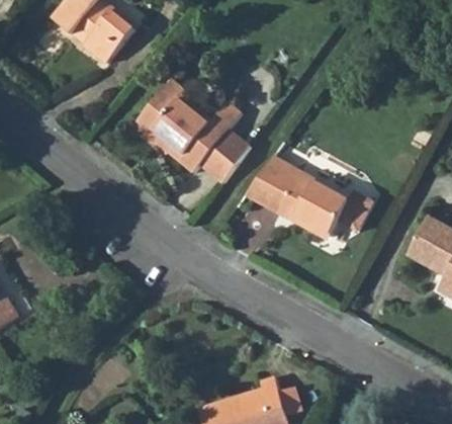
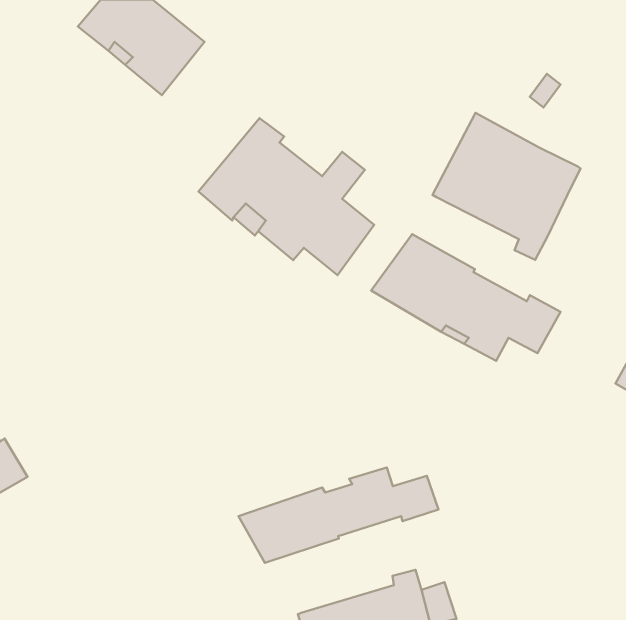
building: none -> [433,113,580,260]
building: none -> [239,467,438,563]

